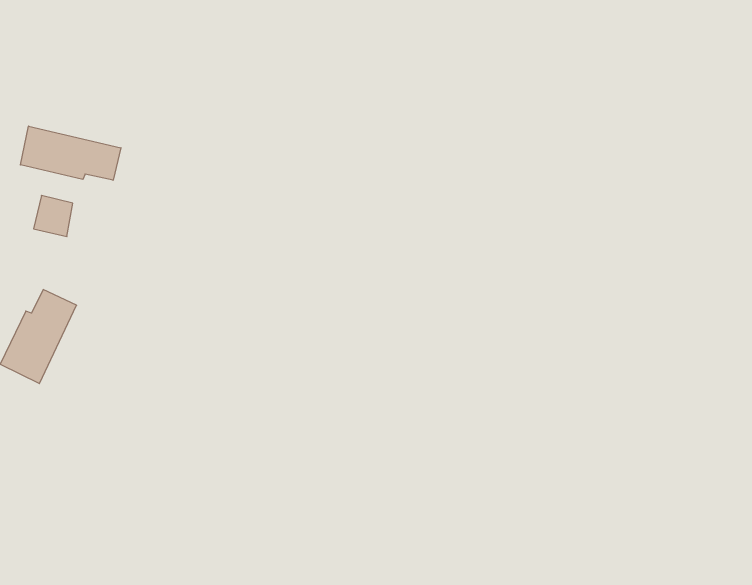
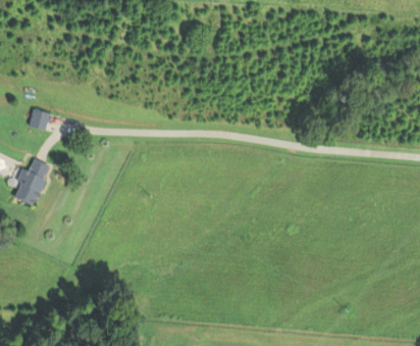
building: [20,126,121,180] -> none

